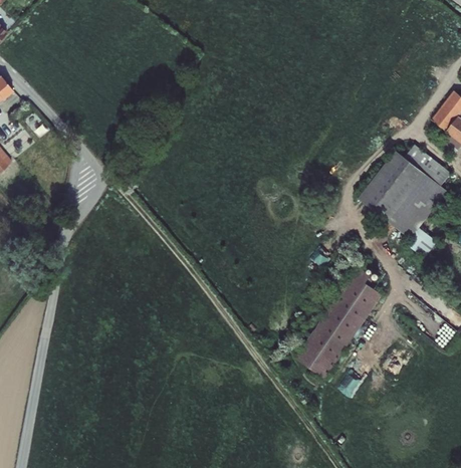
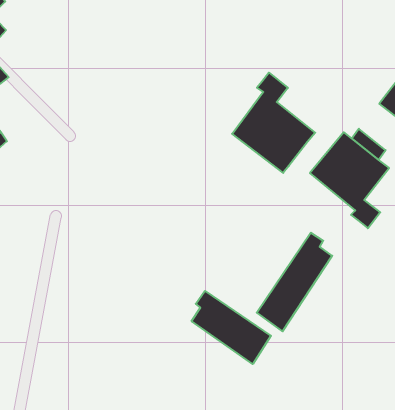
building: none -> [232,73,315,173]
building: none -> [192,291,271,364]

